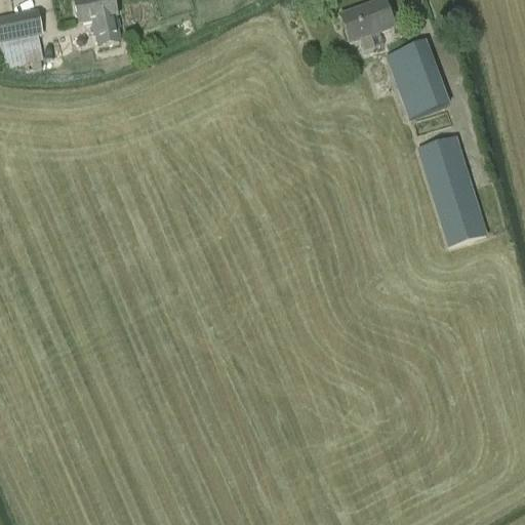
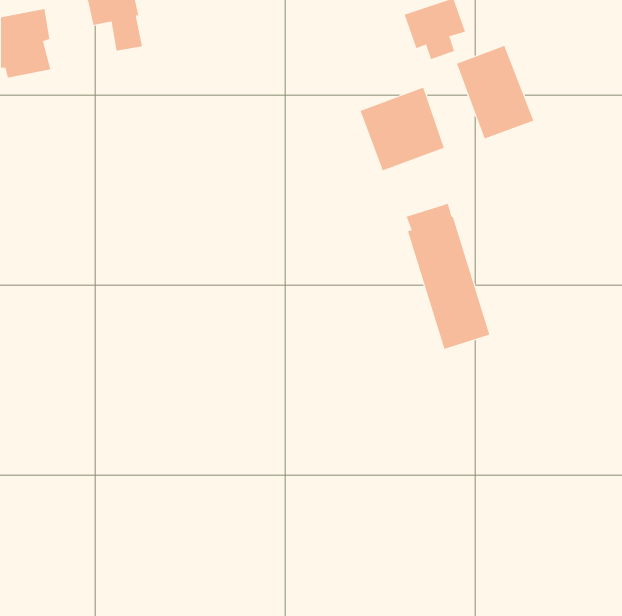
building: none -> [360,87,445,171]
building: [416,123,487,246] -> [406,203,490,349]

